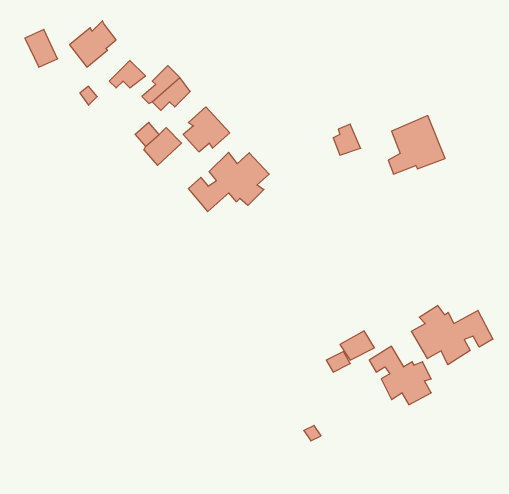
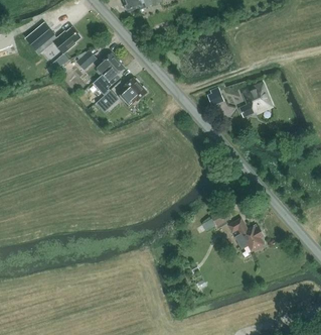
building: [188,152,269,212] -> none
building: [411,305,493,365] -> none

